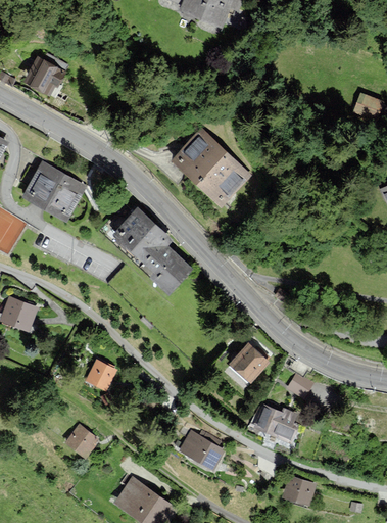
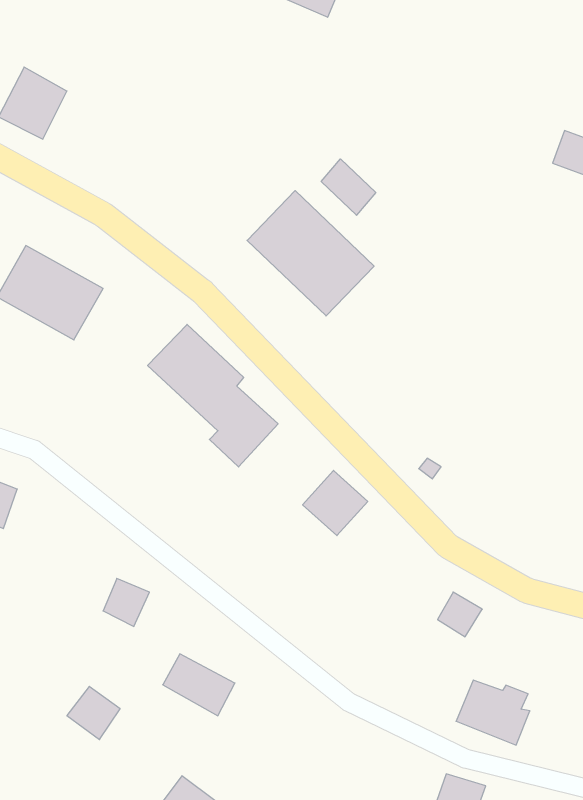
building: none -> [321,159,376,215]
building: [229,342,268,381] -> [303,470,368,536]
building: [253,405,297,443] -> [456,680,530,745]
building: [180,431,223,468] -> [163,654,235,716]

